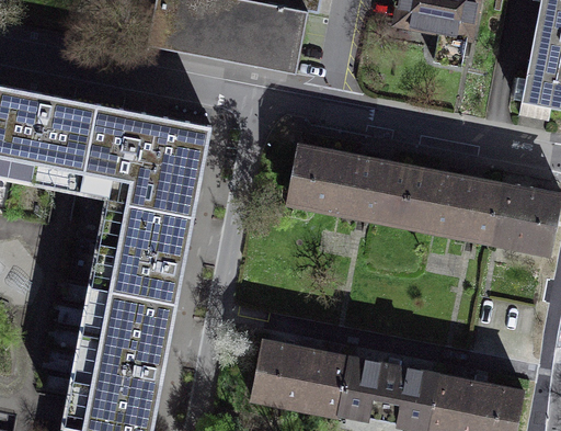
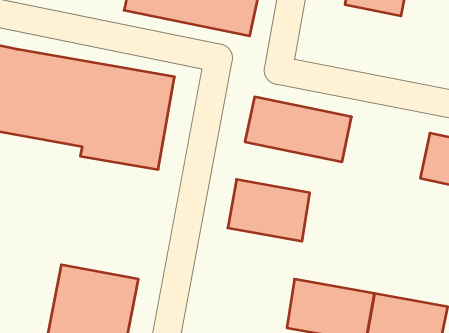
building: [400,169,501,239] -> none
building: [77,214,188,355] -> none
building: [251,340,345,411] -> [228,179,310,241]

